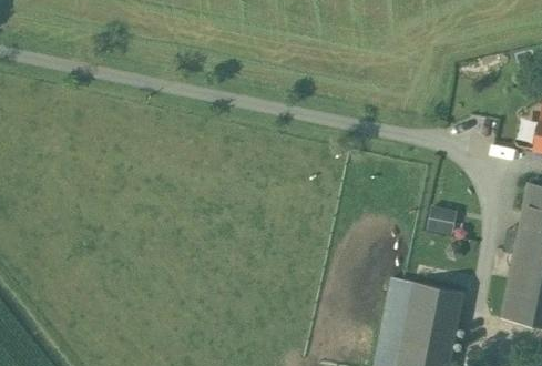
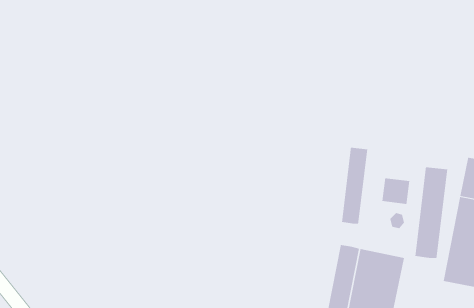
building: none -> [341,147,368,224]
building: none -> [415,166,448,259]

